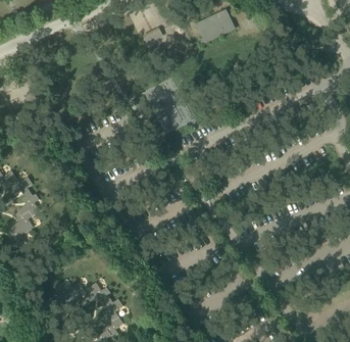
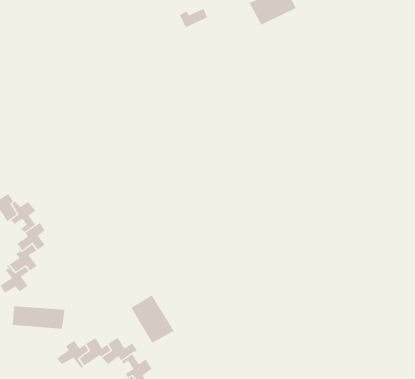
building: none -> [131,295,174,343]
building: none -> [12,305,65,330]

